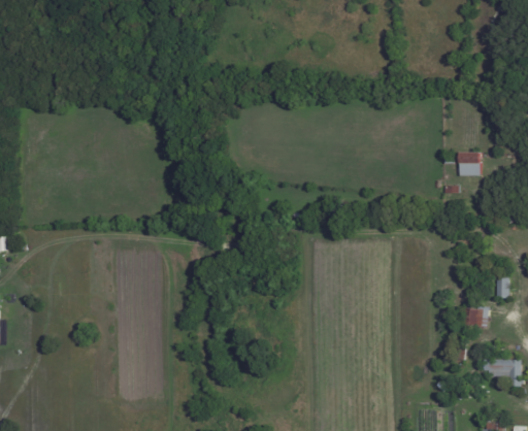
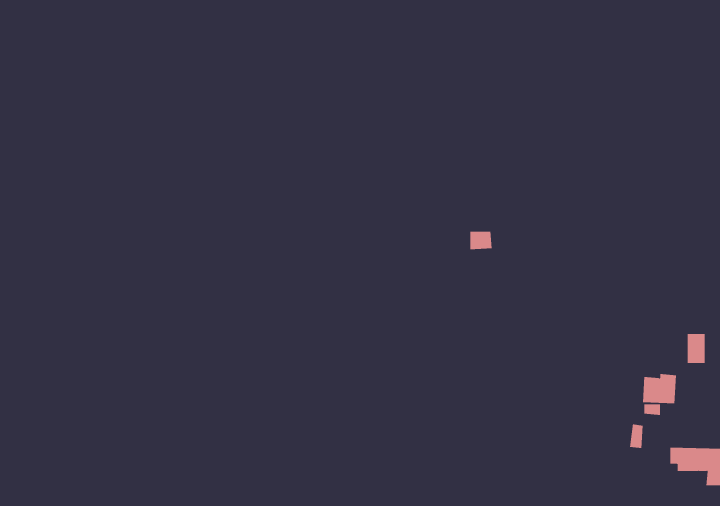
building: [460,152,481,174] -> none

